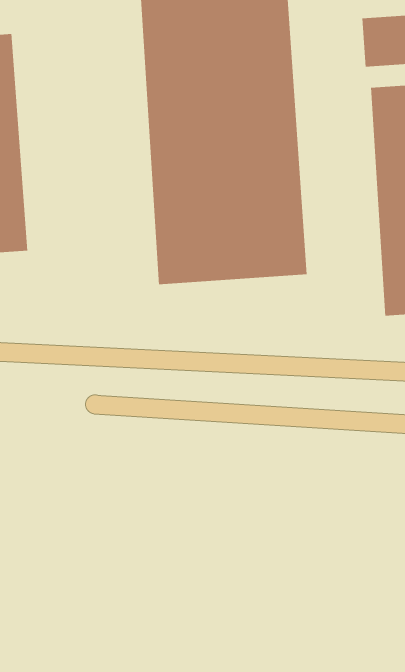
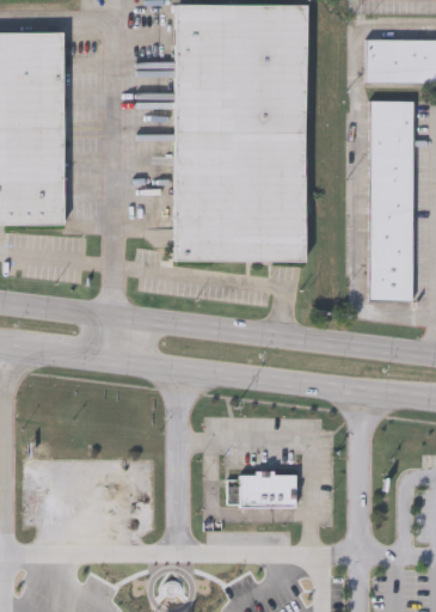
building: none -> [228,473,296,506]

